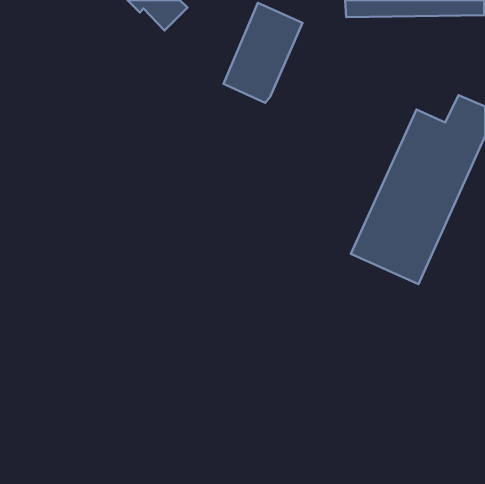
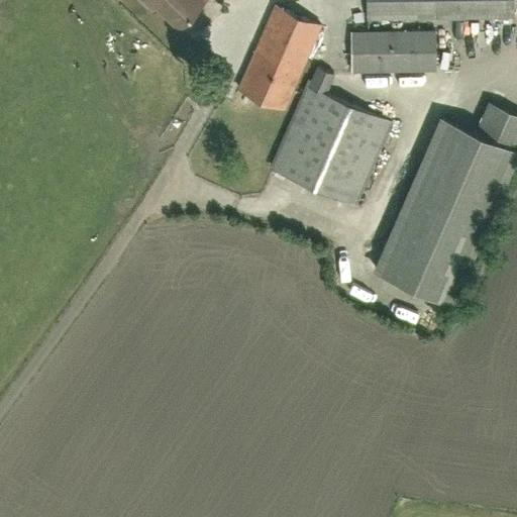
building: none -> [350,32,435,73]
building: none -> [275,71,387,204]

